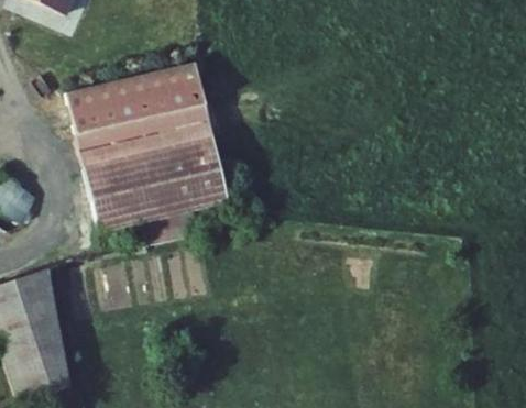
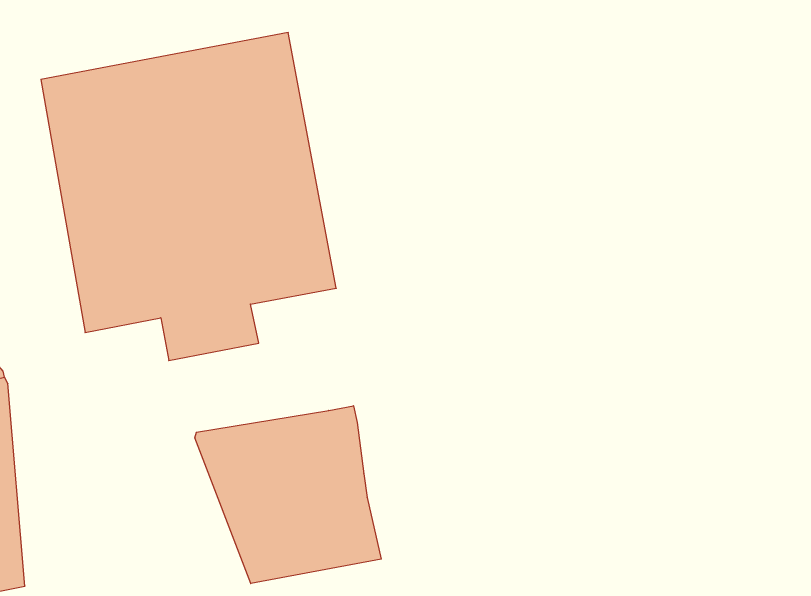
building: none -> [195,406,381,584]

